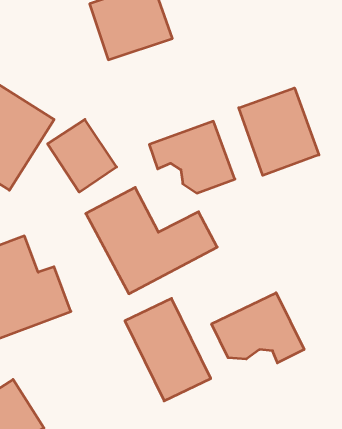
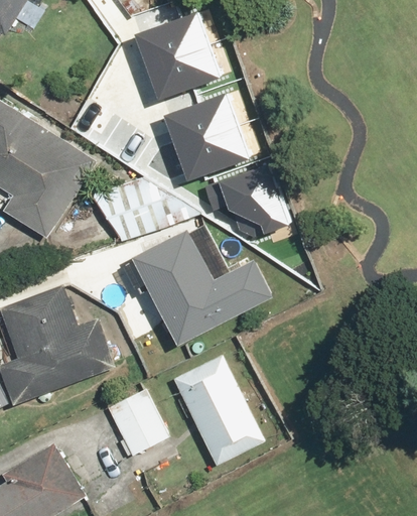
building: none -> [162,95,252,178]
building: [239,88,319,175] -> none
building: [212,293,304,363] -> none
building: none -> [107,386,168,454]

